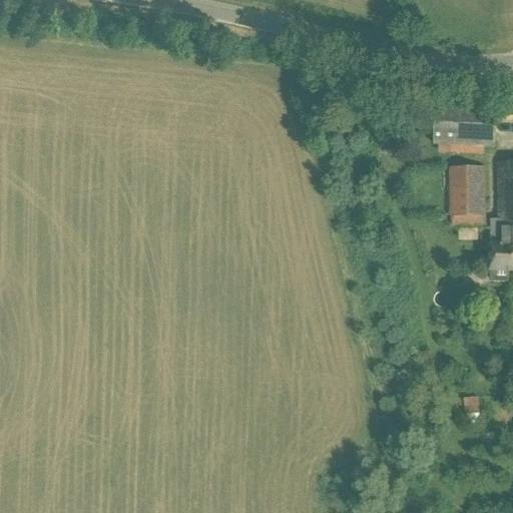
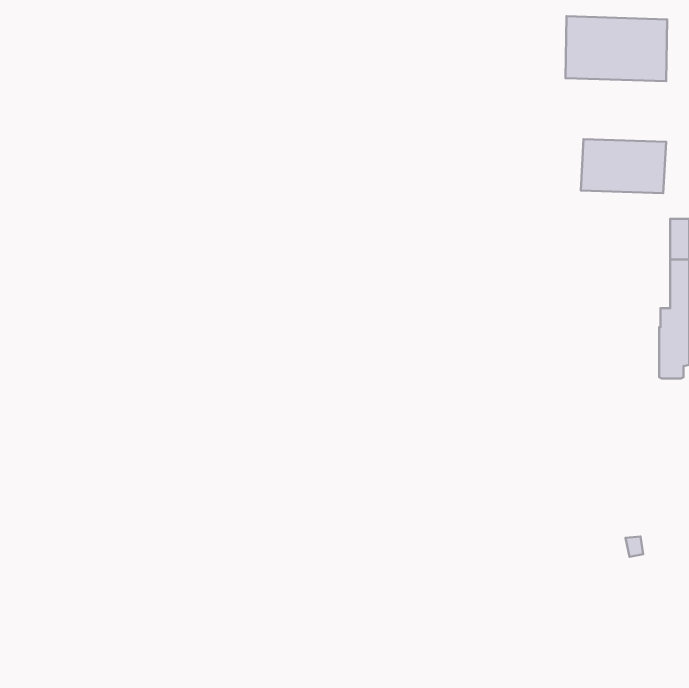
building: none -> [566,16,667,81]
building: [451,167,485,225] -> none

